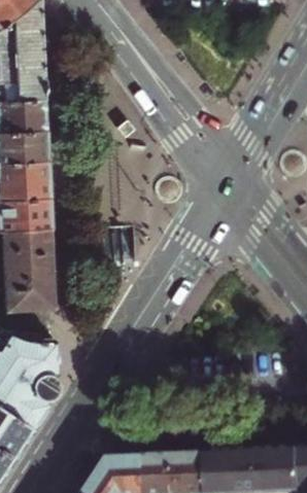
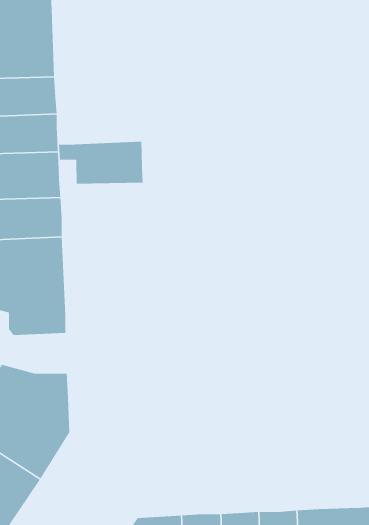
building: none -> [58,141,144,185]

